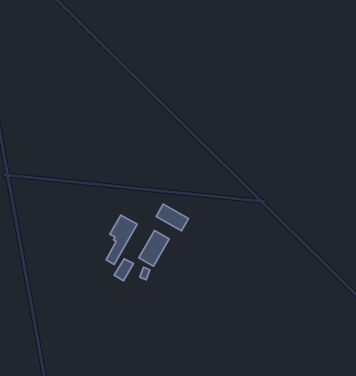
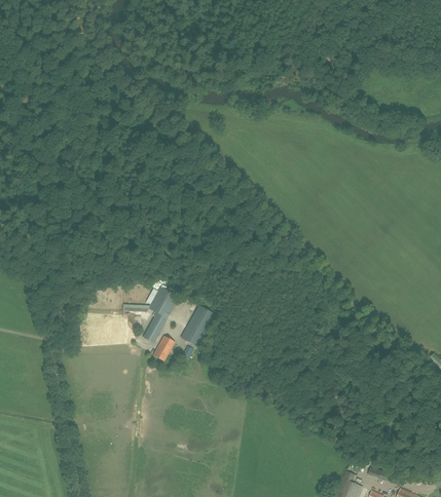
building: [156,204,188,231] -> none

